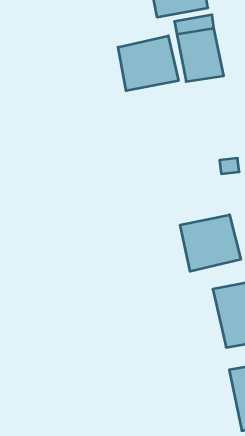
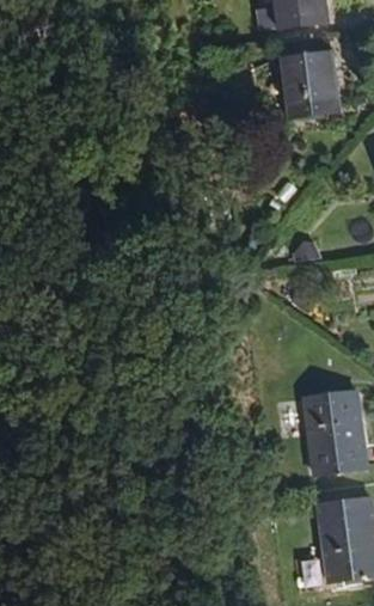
building: [118,36,178,91] -> none
building: [180,215,241,271] -> none

